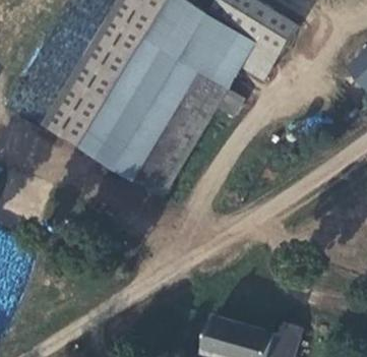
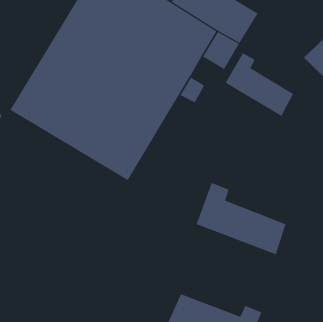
building: none -> [225,52,294,117]
building: none -> [196,182,286,255]

